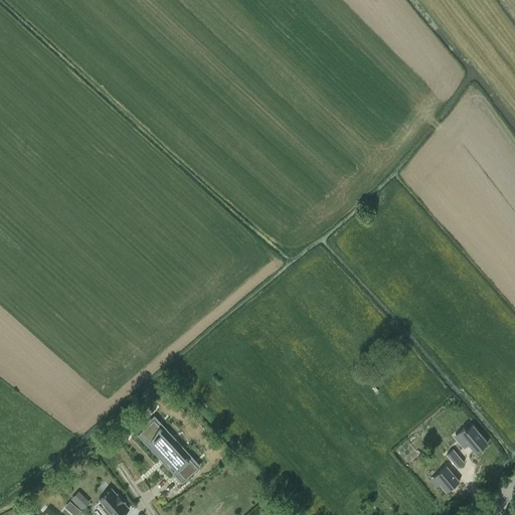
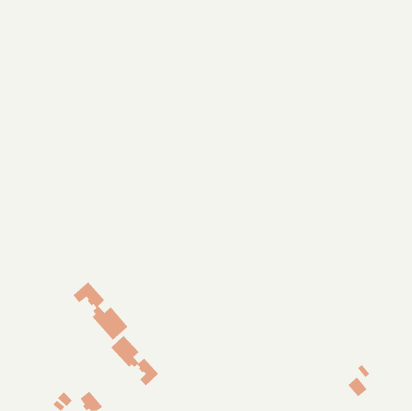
building: none -> [73,282,128,340]
building: [457,432,489,460] -> none

